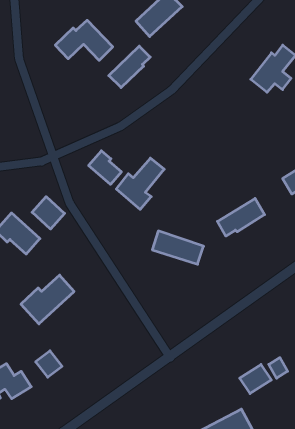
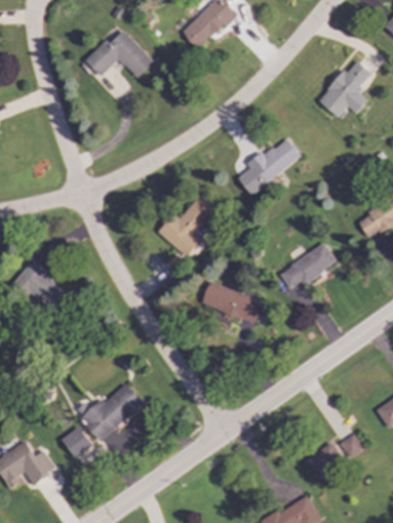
building: [109,46,150,88] -> none
building: none -> [238,136,302,196]
building: [89,151,121,184] -> none
building: [32,197,65,229] -> none
building: [21,275,74,324] -> [80,384,144,442]

